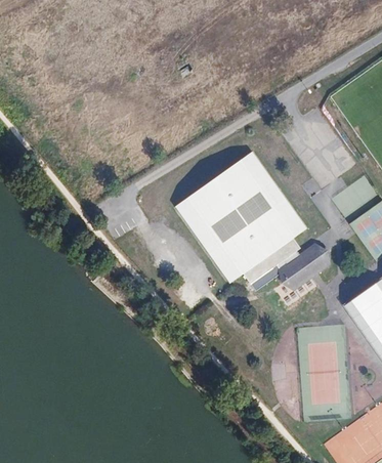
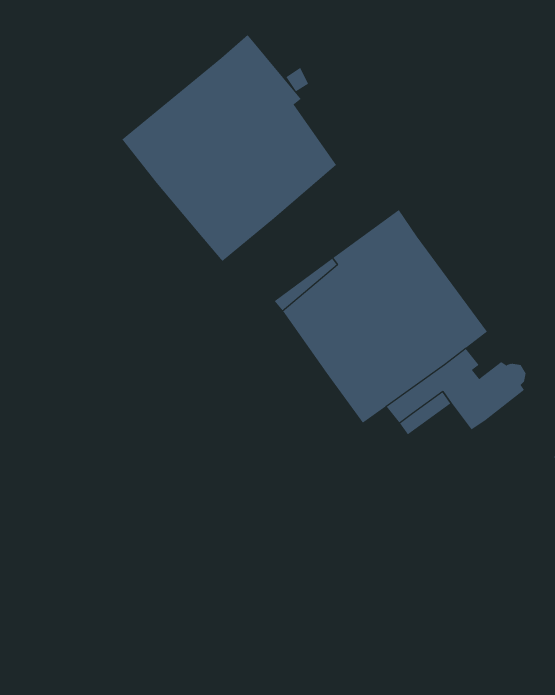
building: none -> [121,34,337,262]

